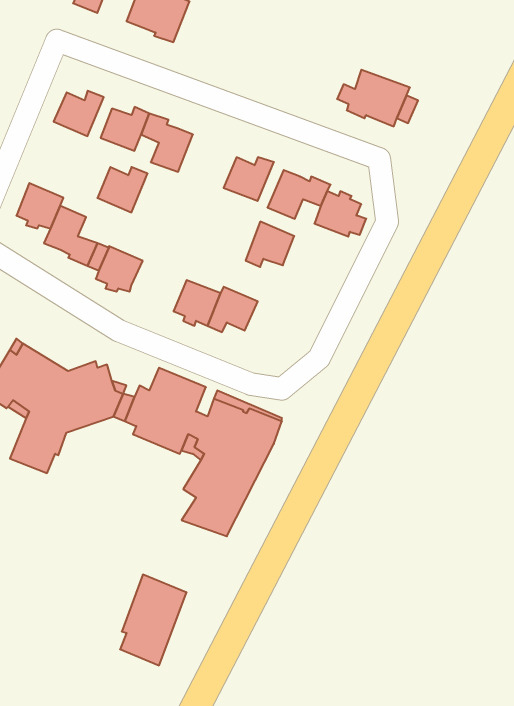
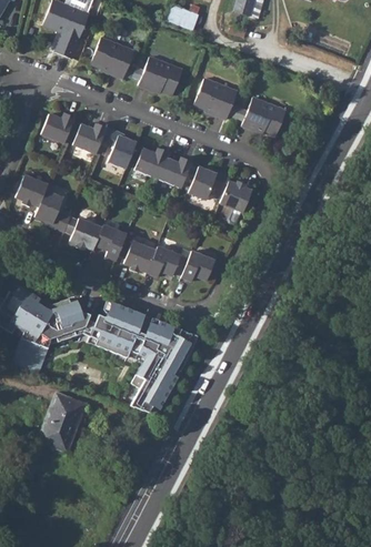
building: none -> [138,55,182,95]
building: none -> [190,77,239,119]
building: [97,167,148,212] -> [133,146,168,178]
building: [246,222,294,267] -> [180,250,213,281]
building: none -> [93,224,126,260]
building: [120,575,187,665] -> [40,391,86,453]

